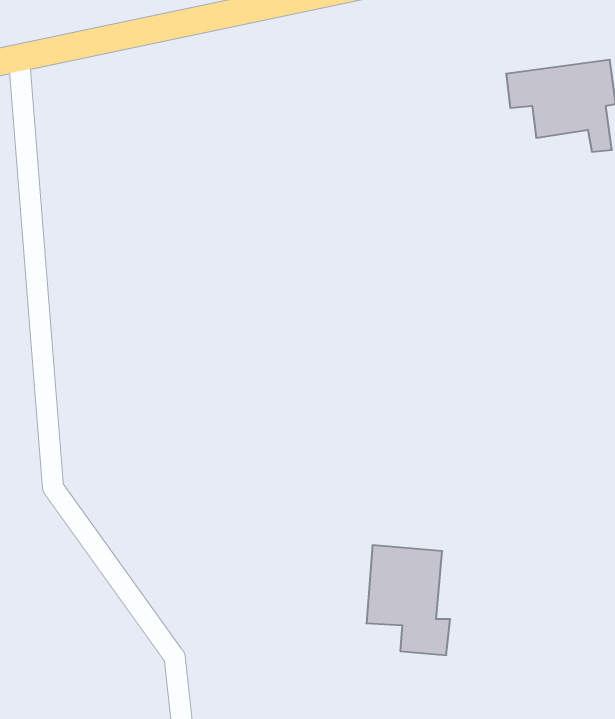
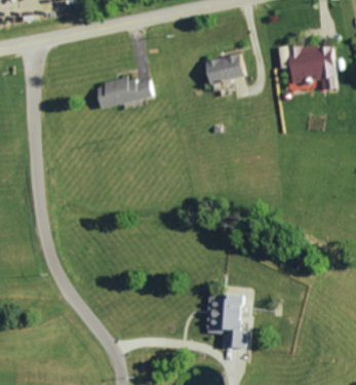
building: none -> [206,54,244,83]
building: none -> [95,76,153,109]

